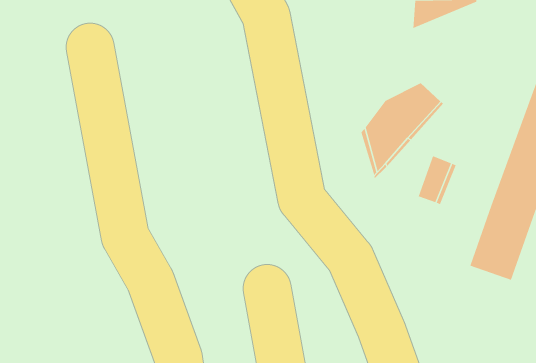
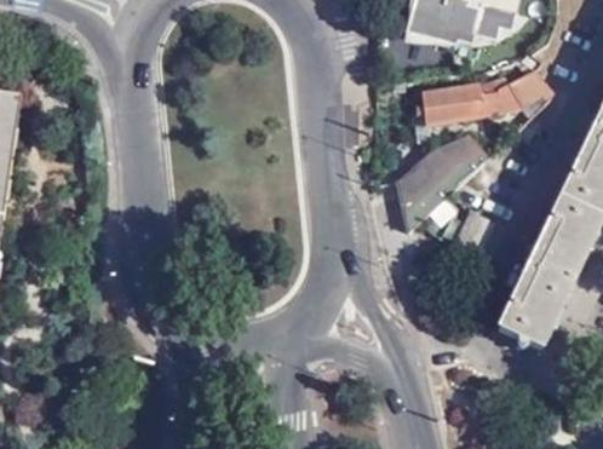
building: none -> [420,70,556,125]

